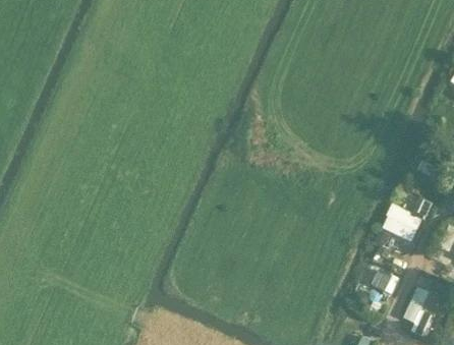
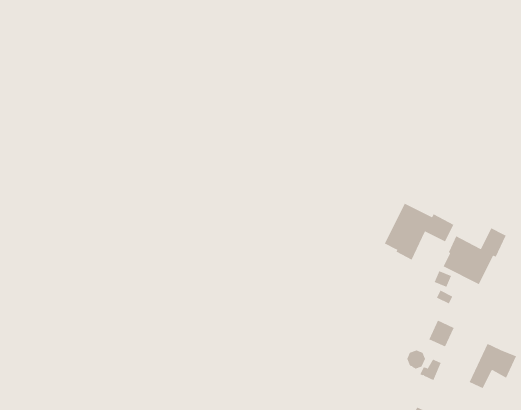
building: none -> [384,203,454,261]

